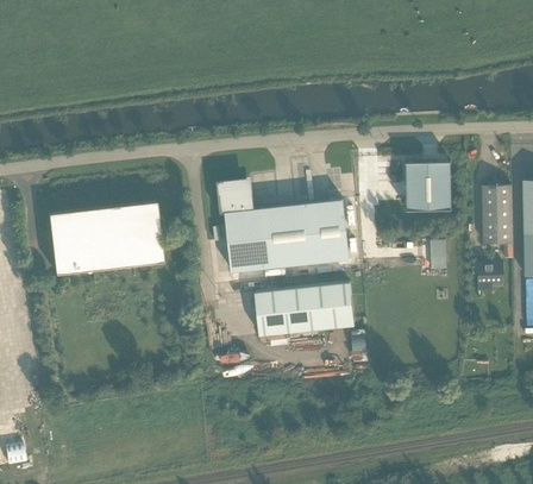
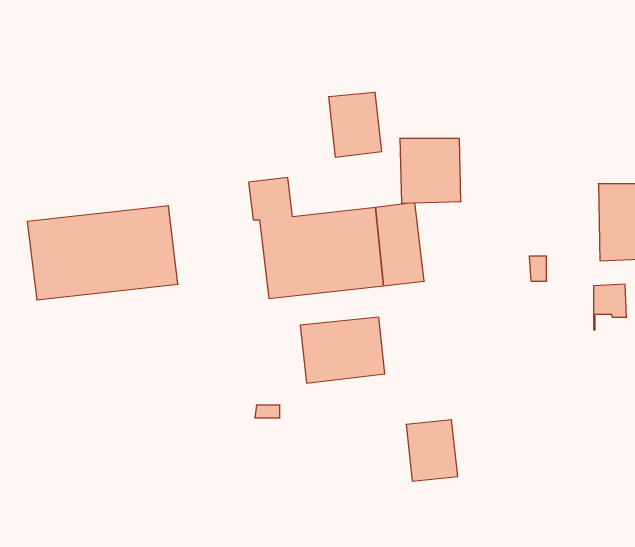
building: none -> [329,92,381,157]
building: [405,162,451,210] -> [400,139,461,203]
building: [314,283,353,329] -> [406,420,458,481]

